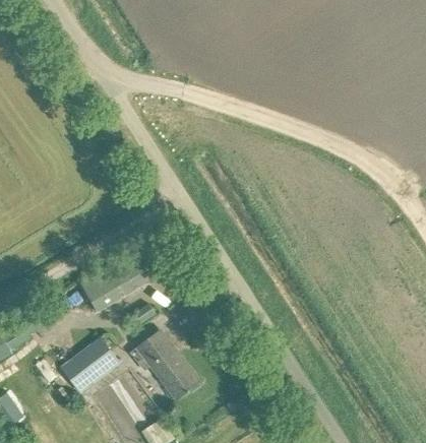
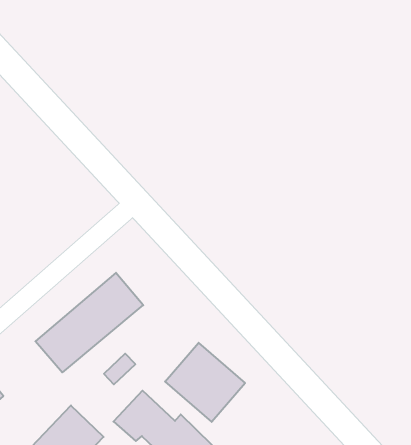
building: none -> [165,343,245,422]

